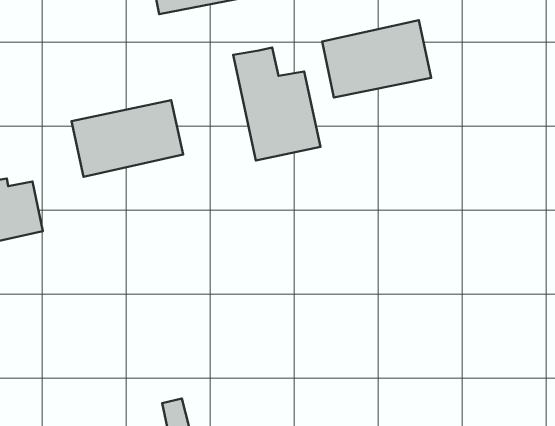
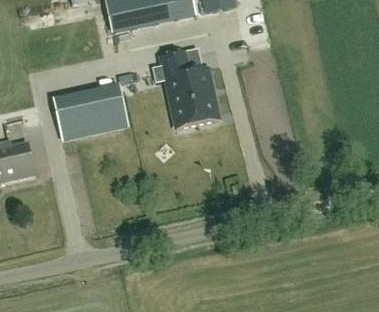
building: [322,20,431,97] -> none

